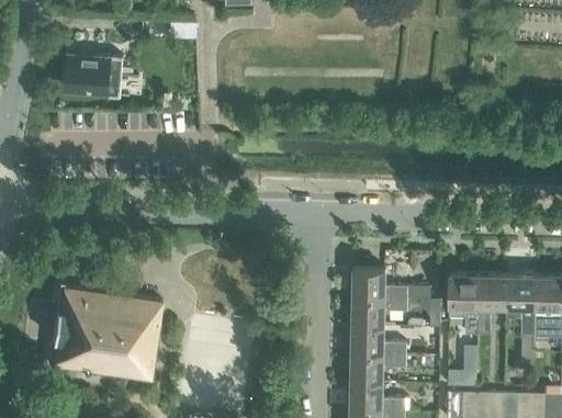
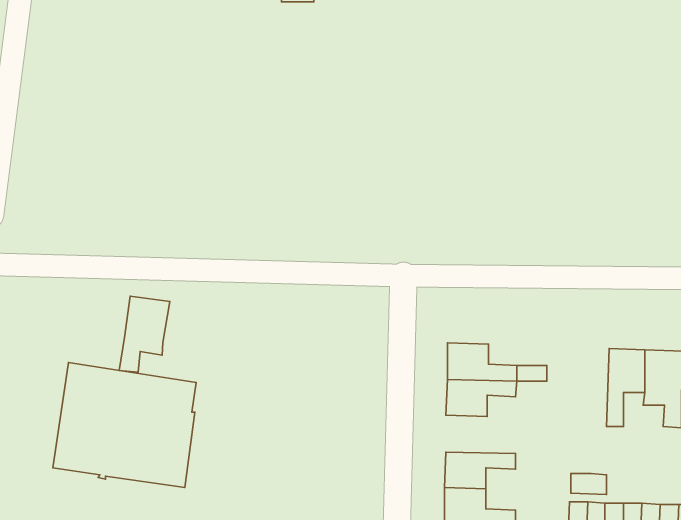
building: [65,55,123,97] -> none
building: none -> [119,296,170,372]
building: [448,274,477,335] -> none
building: [351,326,405,355] -> none

